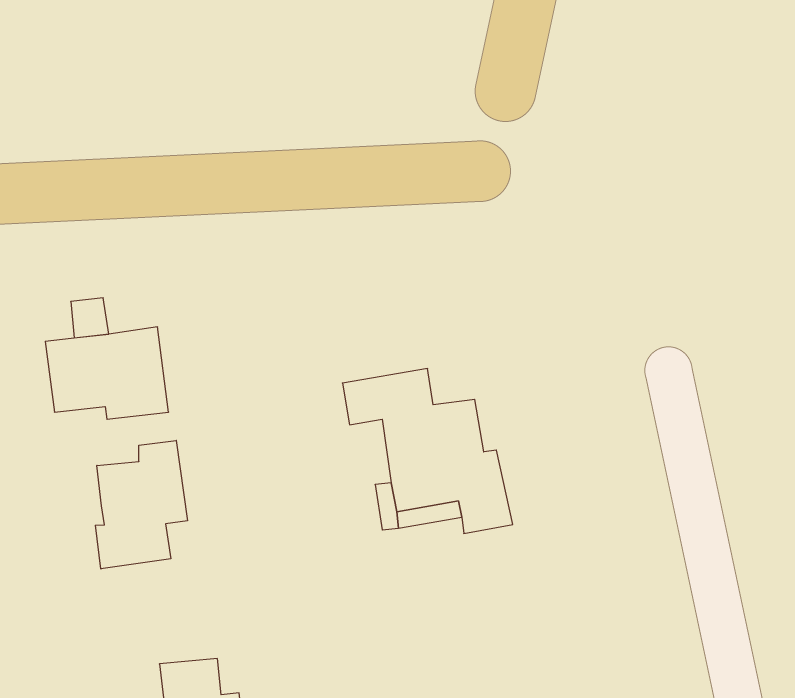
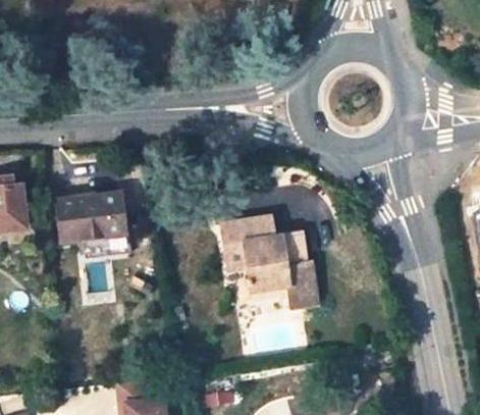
building: [95,440,187,569] -> none

